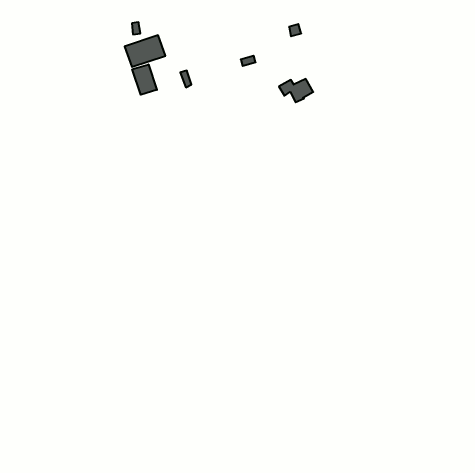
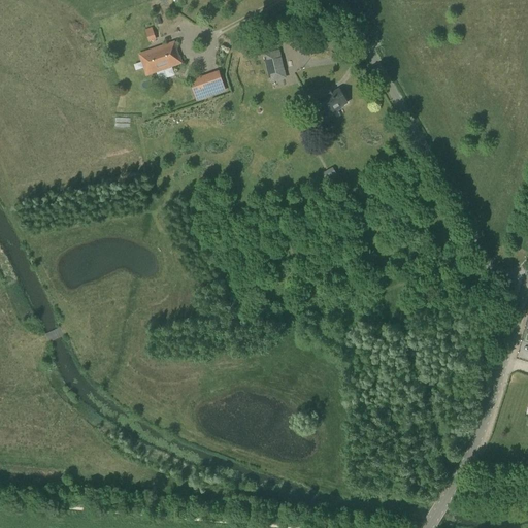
building: [132,64,157,95] -> none

